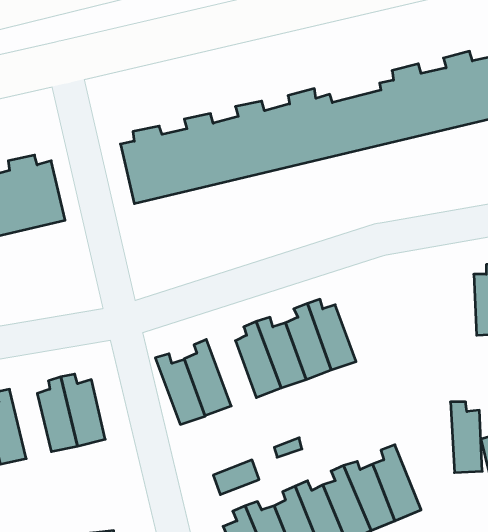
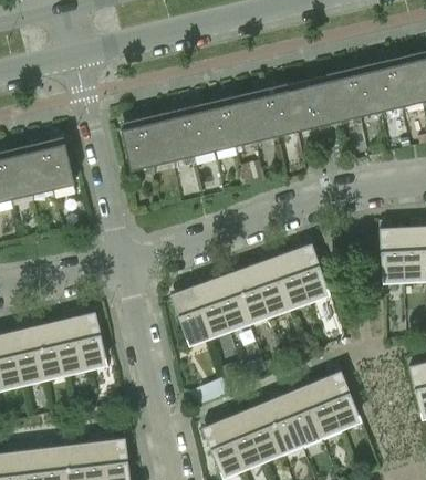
building: none -> [291,240,329,301]
building: [155,354,205,424] -> [188,280,228,336]
building: none -> [31,321,64,378]
building: [450,402,482,473] -> [378,225,404,281]

